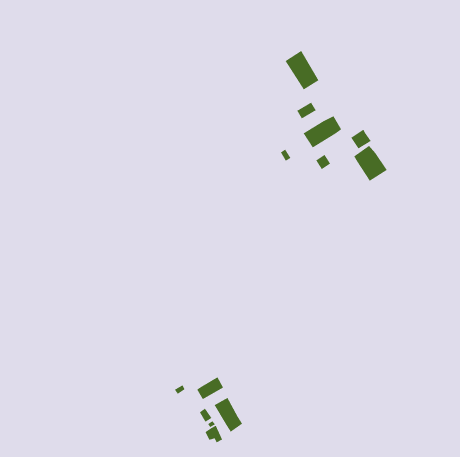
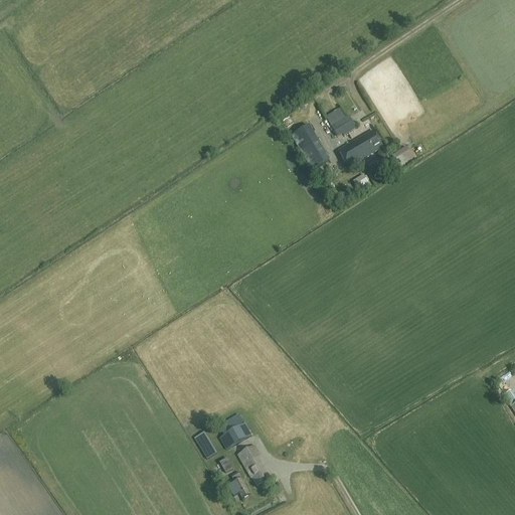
building: [284,50,320,90] -> [290,123,329,168]
building: [353,145,388,182] -> none

